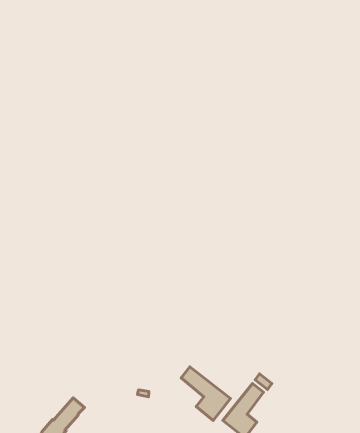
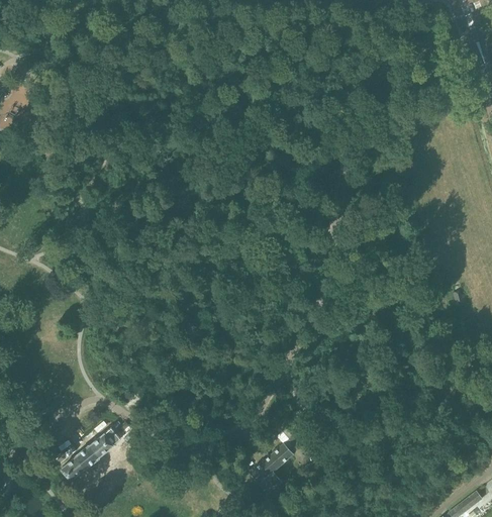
building: [181,367,231,420] -> none

